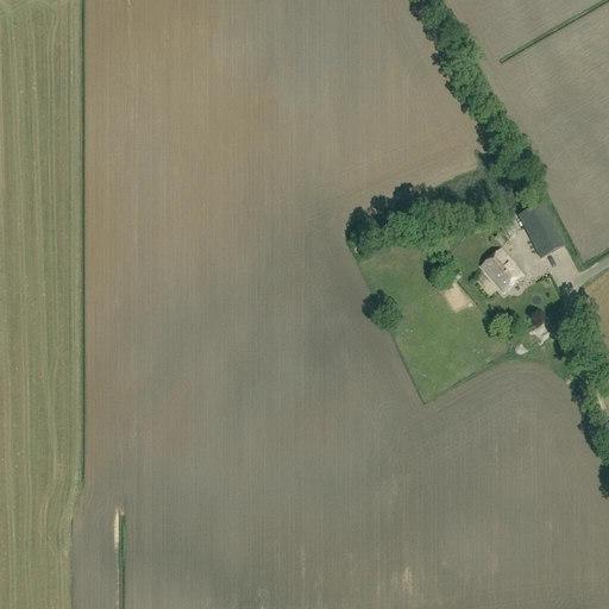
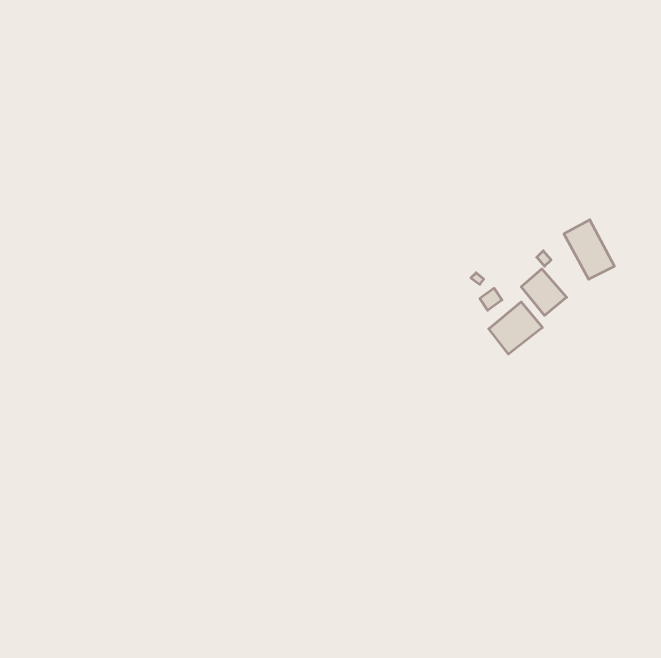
building: none -> [489,302,542,354]

